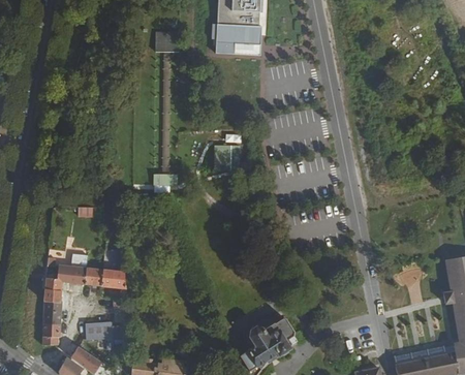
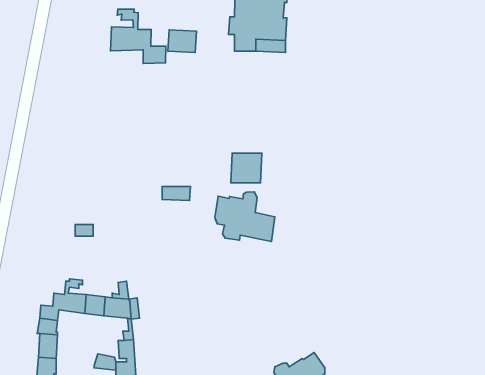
building: none -> [110,9,166,64]
building: none -> [215,192,275,241]

